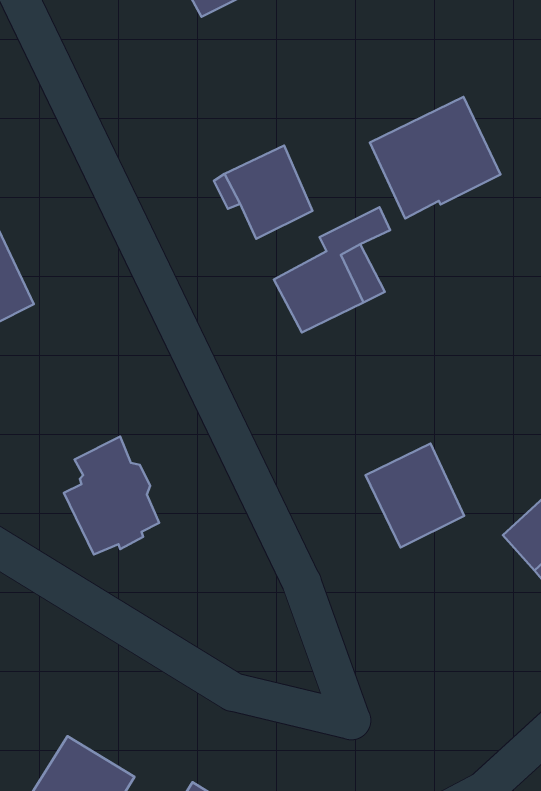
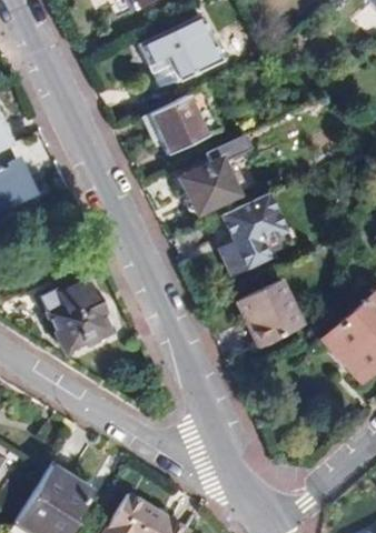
building: [370,97,500,218] -> [139,13,221,90]
building: none -> [222,192,285,273]

